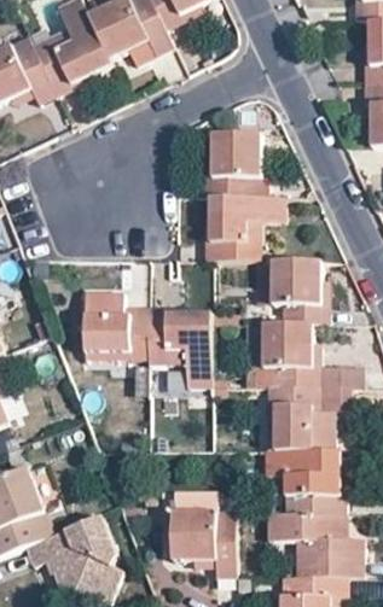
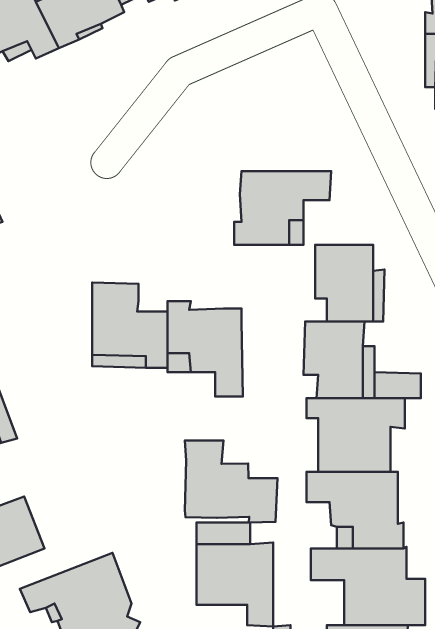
building: [211,132,261,197] -> none
building: none -> [185,440,278,522]

